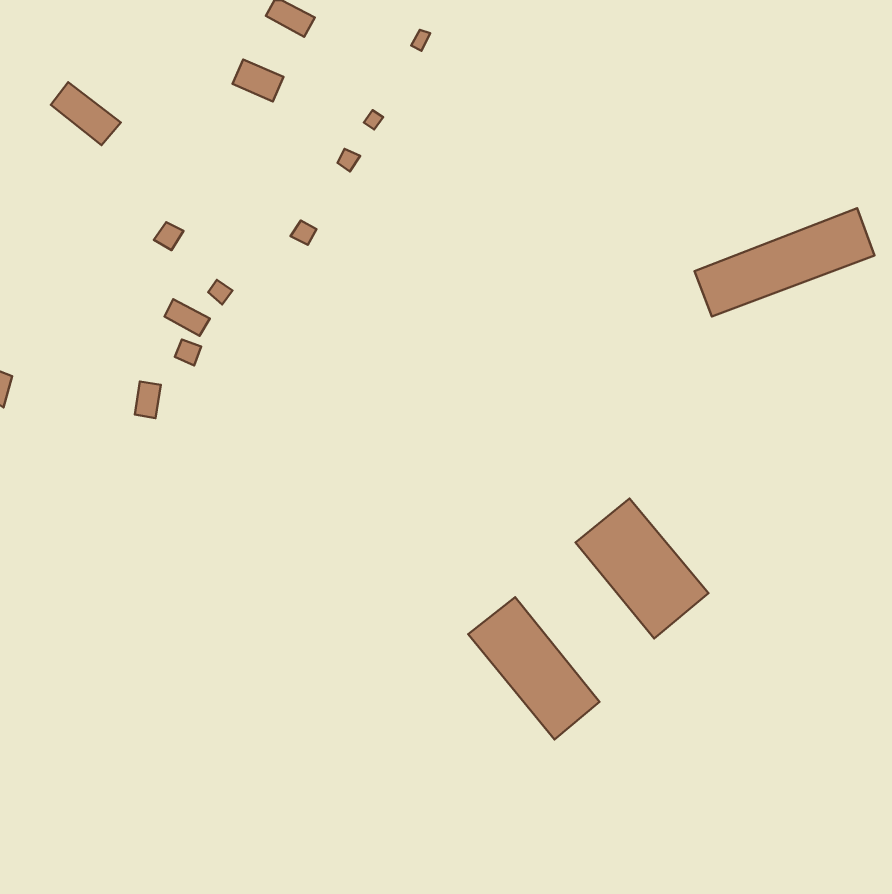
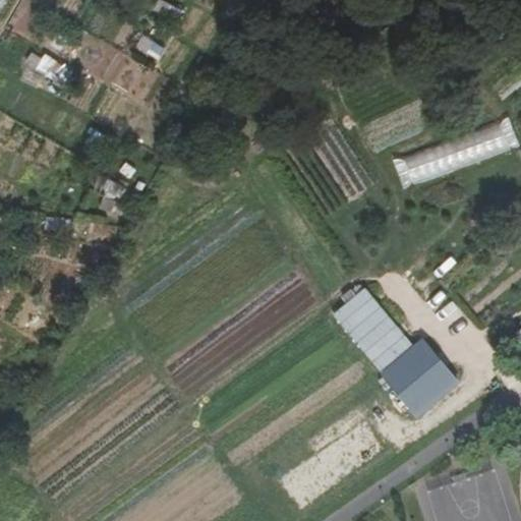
building: none -> [384,343,456,415]
building: [468,597,600,740] -> none

